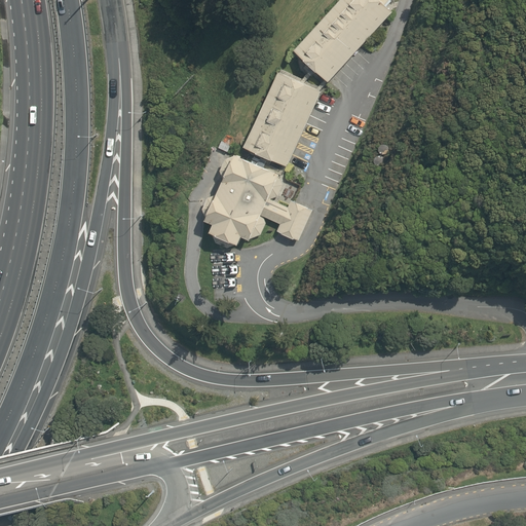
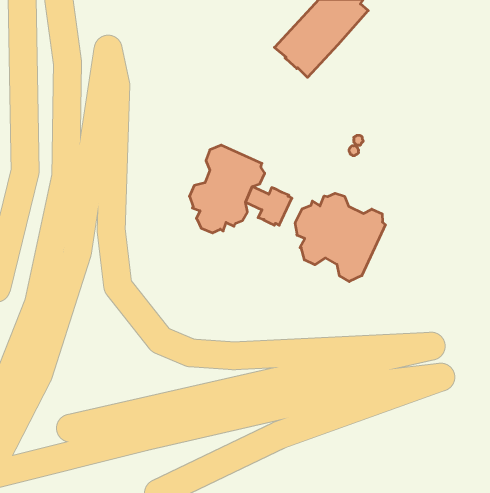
building: [243,72,320,165] -> none
building: none -> [295,193,385,282]

